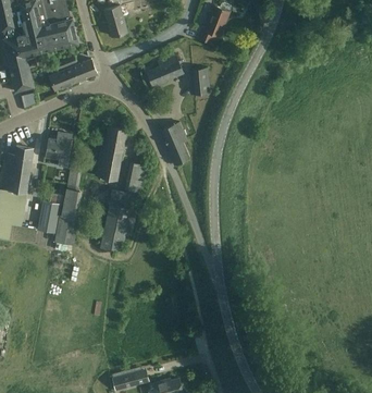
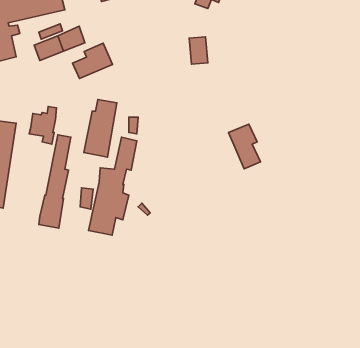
building: [146,53,183,86] -> [72,43,113,79]
building: [160,123,189,164] -> [229,124,261,169]
building: [36,194,61,234] -> none

